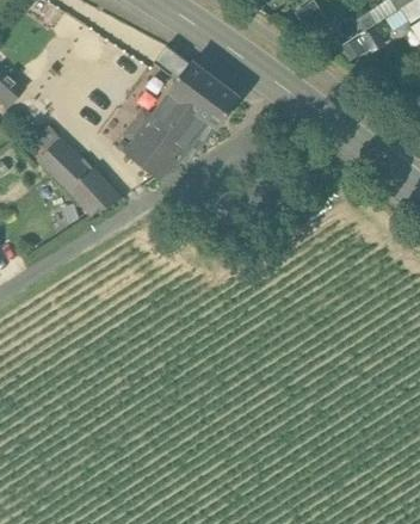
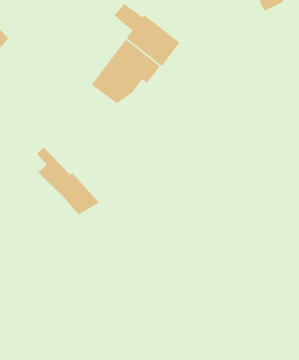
building: [36,128,118,217] -> [36,146,100,216]

